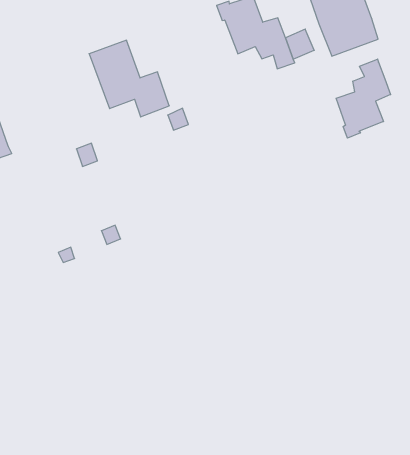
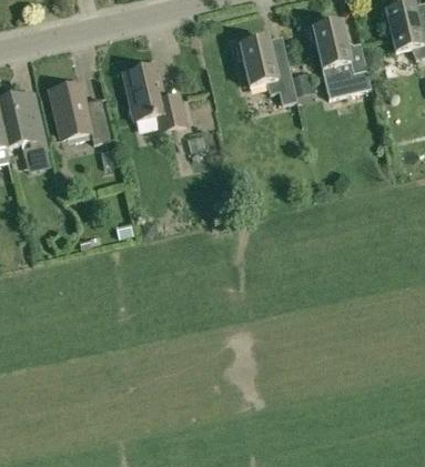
building: [336,59,391,138] -> none
building: none -> [49,81,110,143]

